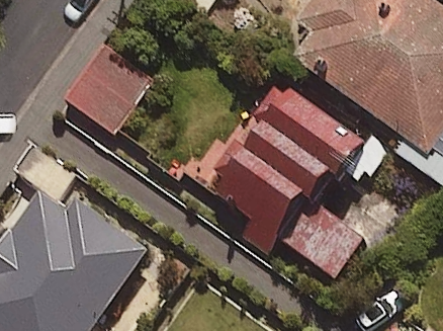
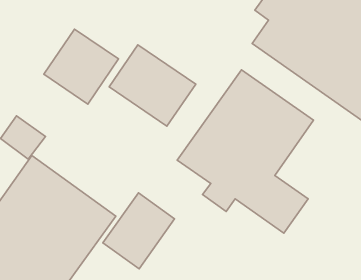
building: none -> [109,45,196,126]
building: none -> [103,193,175,269]

